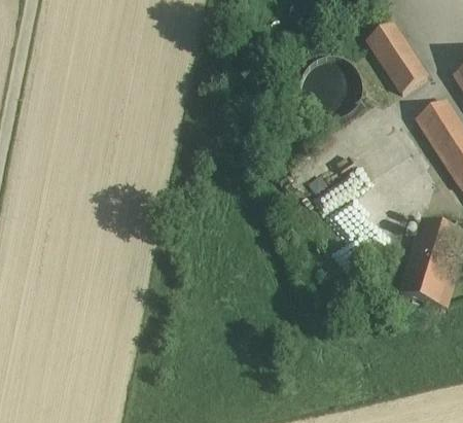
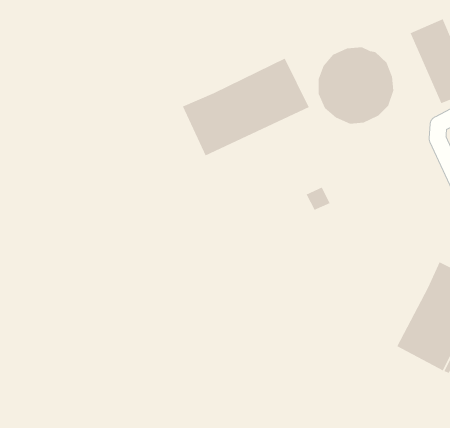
building: none -> [182,57,310,156]

